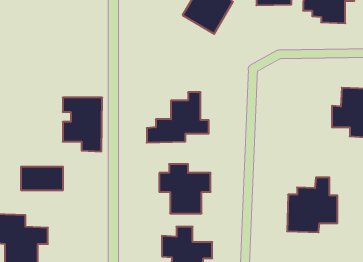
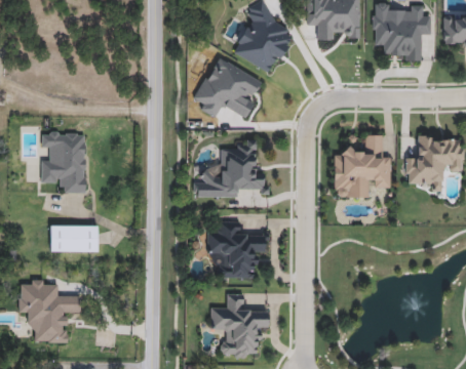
building: none -> [195,57,261,121]
building: [63,98,102,151] -> [41,131,86,193]
building: [287,177,337,232] -> [333,134,390,197]

